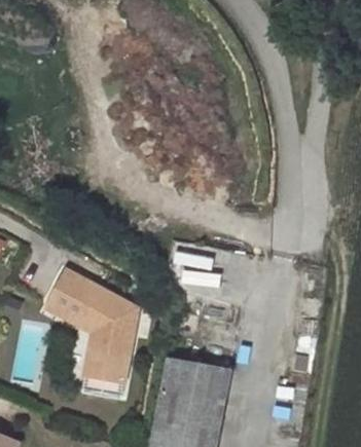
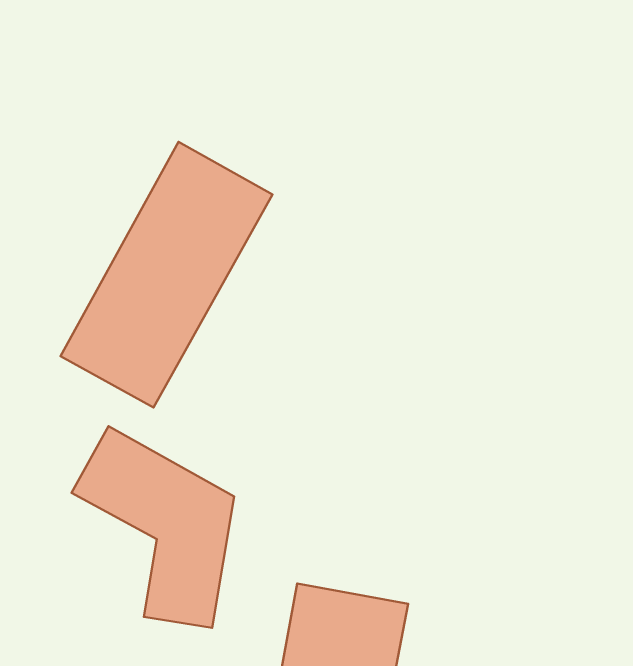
building: none -> [61,142,273,408]

